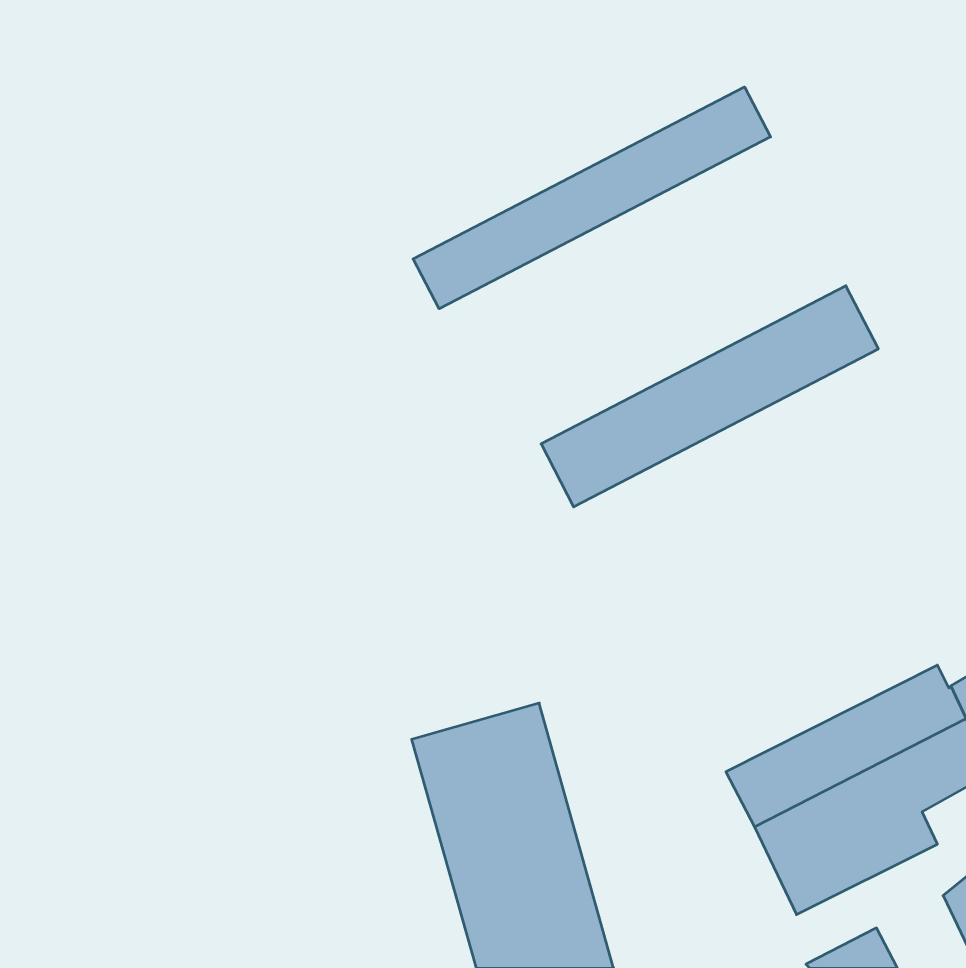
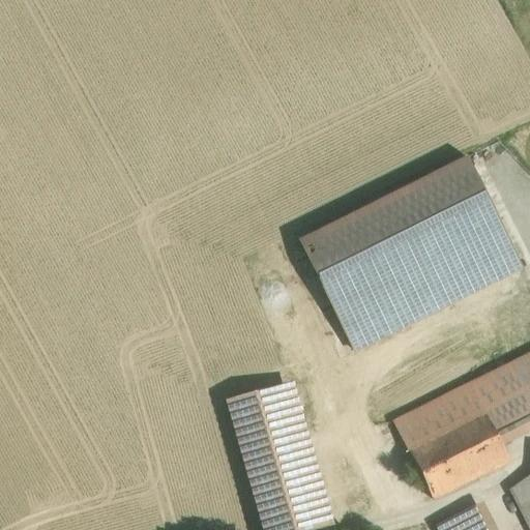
building: [413,87,771,309] -> none
building: none -> [316,189,522,353]

